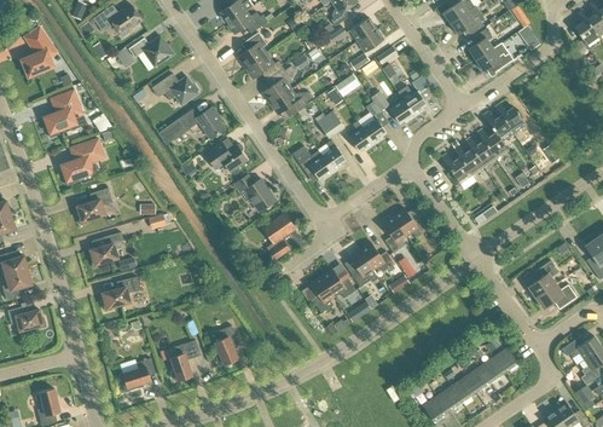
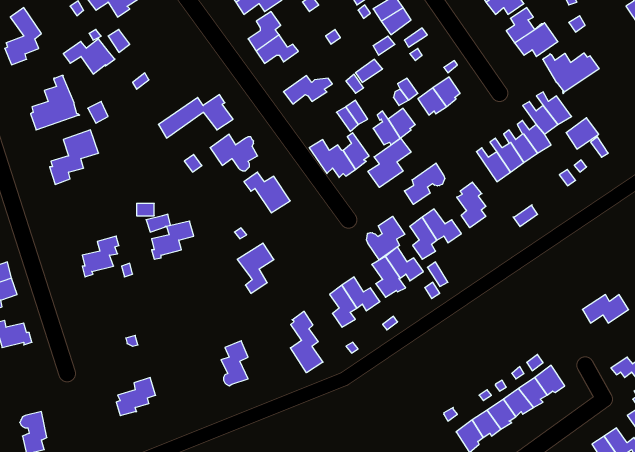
building: [128,36,174,68] -> [63,39,115,74]
building: [262,65,295,104] -> none
building: none -> [543,53,599,94]
building: [151,76,198,105] -> none
building: none -> [368,138,411,187]
building: none -> [404,163,445,204]
building: none -> [457,182,486,228]
building: [77,187,112,225] -> none
building: [262,214,295,259] -> [237,243,274,293]
building: none -> [366,216,405,260]
building: [528,261,559,298] -> none
building: [103,277,140,311] -> [152,221,194,259]
building: none -> [290,311,323,373]
building: [170,340,201,381] -> none

